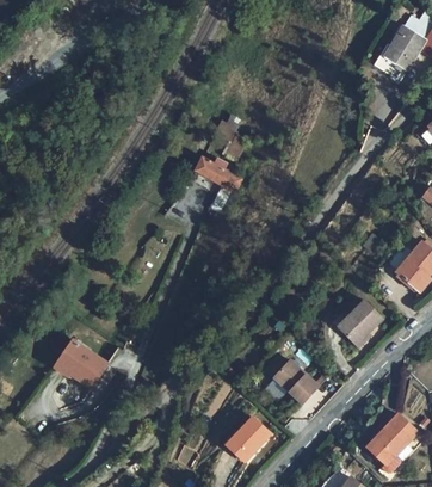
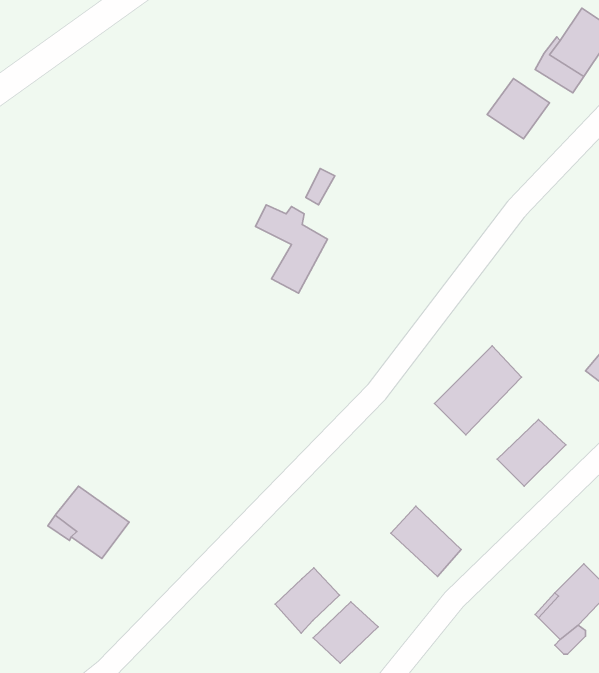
building: none -> [487,79,550,139]
building: none -> [434,346,522,435]
building: none -> [275,568,340,633]

